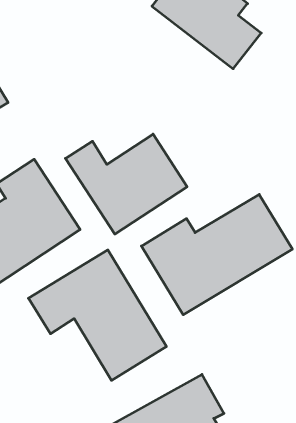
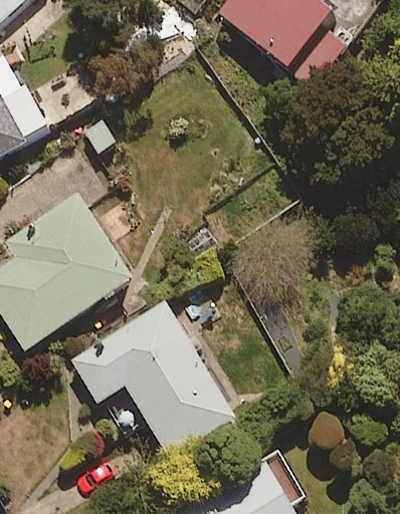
building: [65,134,187,234] -> none
building: [141,194,292,315] -> none

